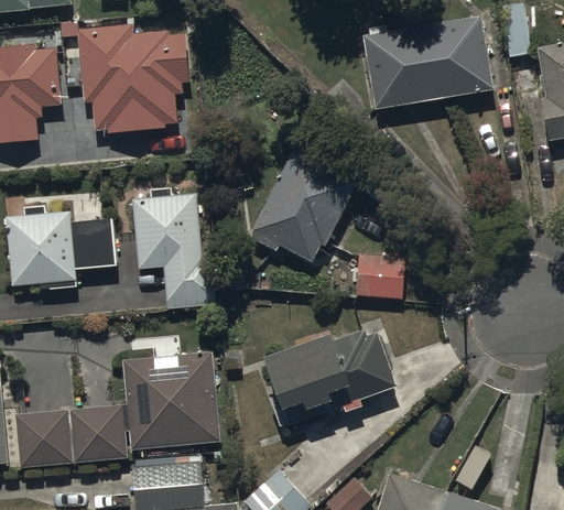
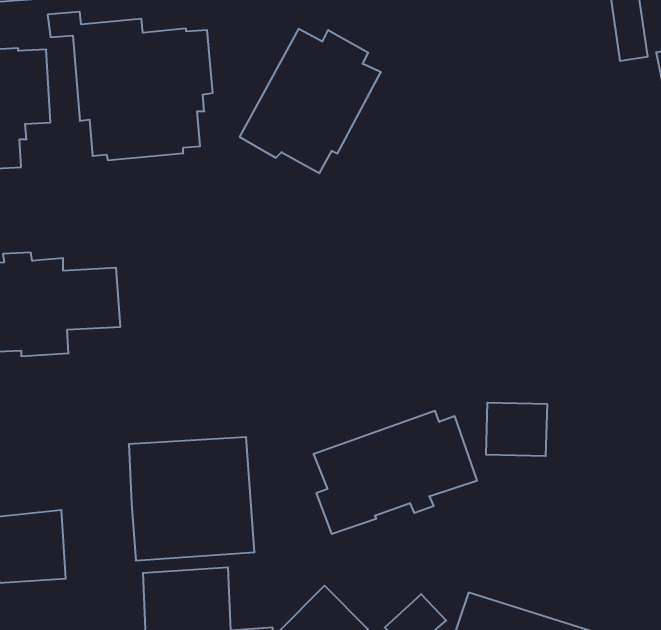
building: [360,17,495,111] -> none
building: [247,150,358,263] -> [240,29,381,173]
building: [130,183,216,310] -> none
building: [356,253,404,295] -> [486,403,547,456]
building: [68,404,127,464] -> none

